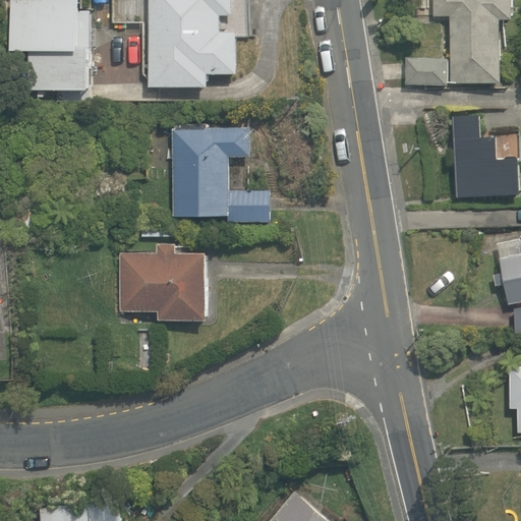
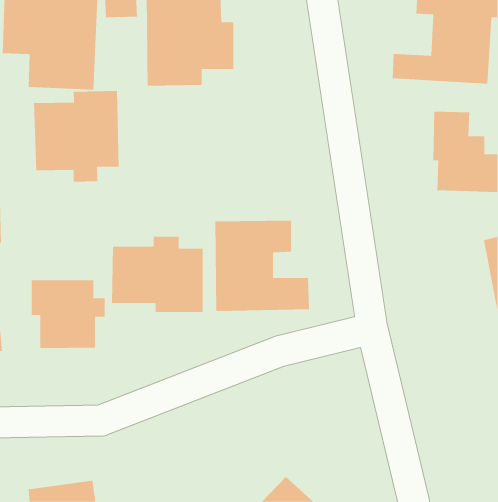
building: none -> [34,90,119,182]
building: [171,122,269,216] -> [214,220,310,311]
building: none -> [31,279,105,349]

